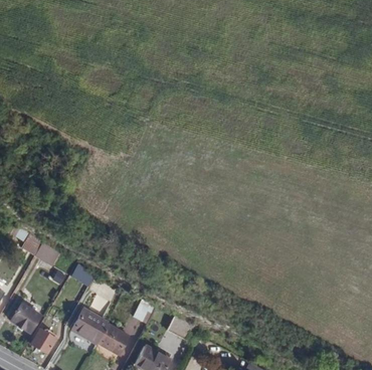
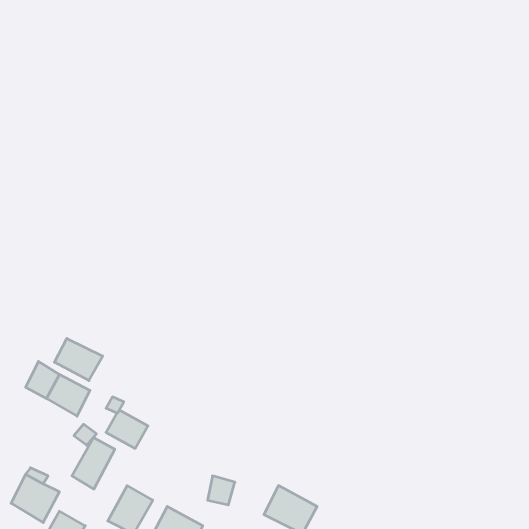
building: none -> [54,338,103,381]
building: none -> [72,437,115,489]

